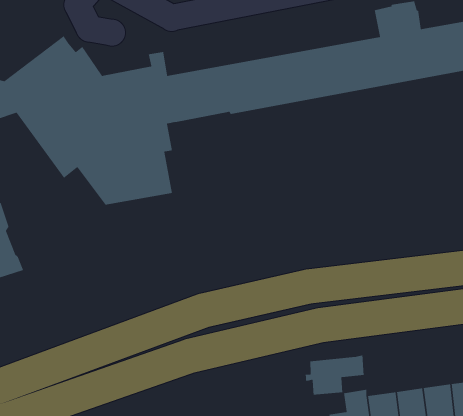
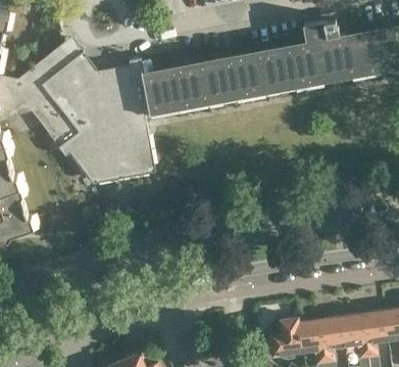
building: [305,355,364,396] -> none

